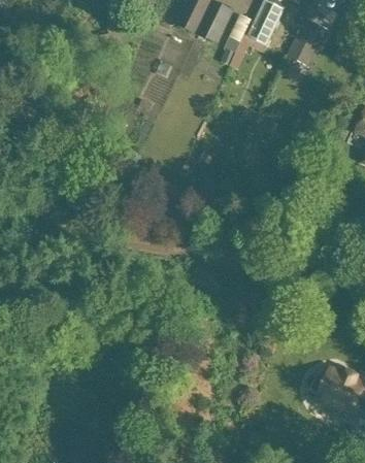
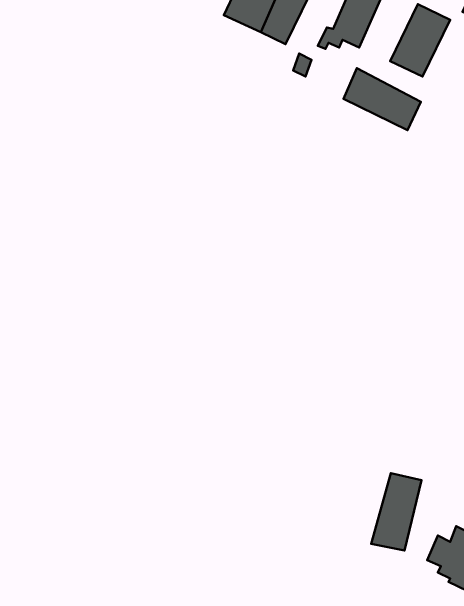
building: none -> [343,68,421,130]
building: none -> [371,473,421,551]

